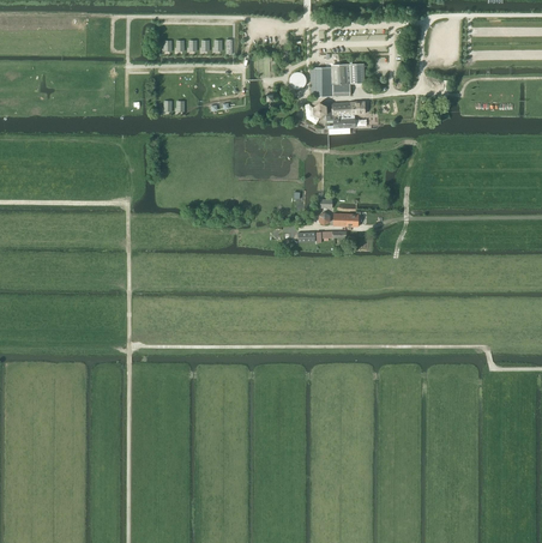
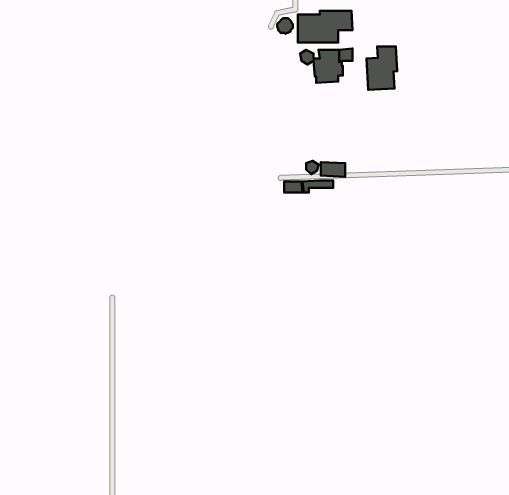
building: none -> [366,46,397,90]

